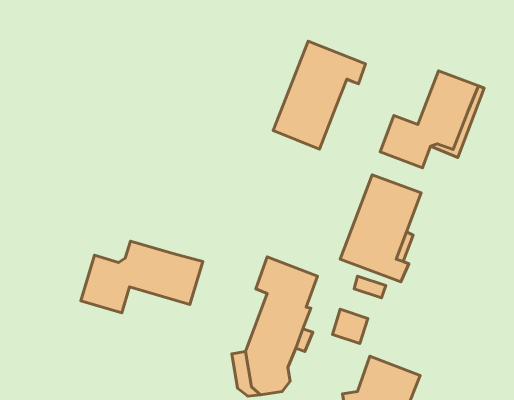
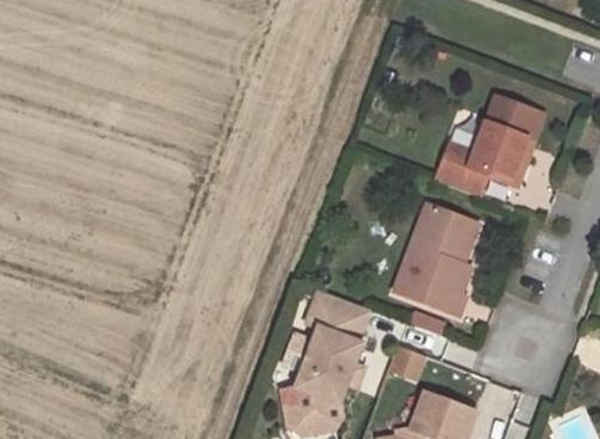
building: [273,41,365,149] -> none
building: [81,241,203,313] -> none

